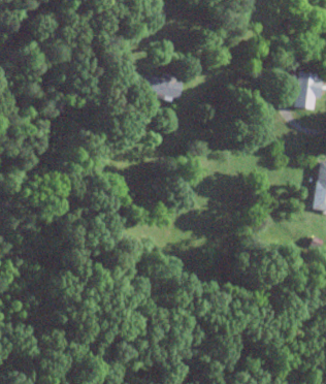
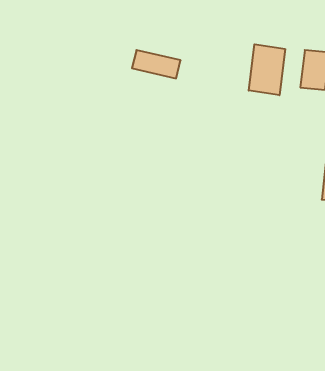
building: none -> [249,44,285,95]

